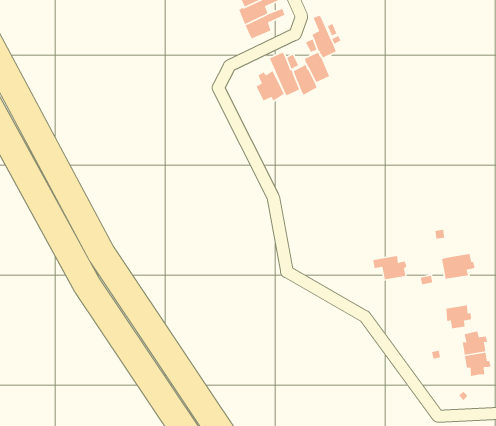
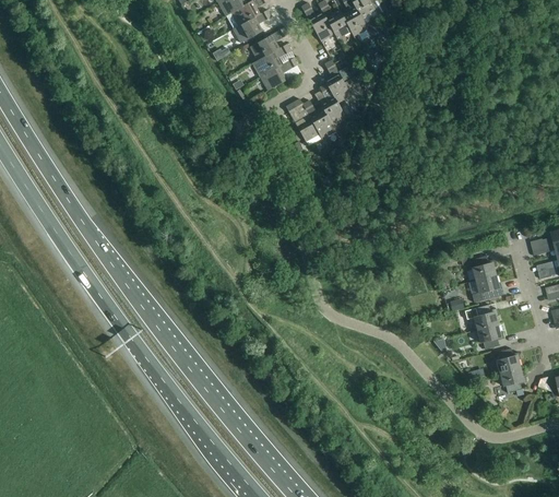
building: [256,70,285,102] -> none
building: none -> [466,257,496,282]
building: [372,255,407,280] -> [464,306,498,331]

